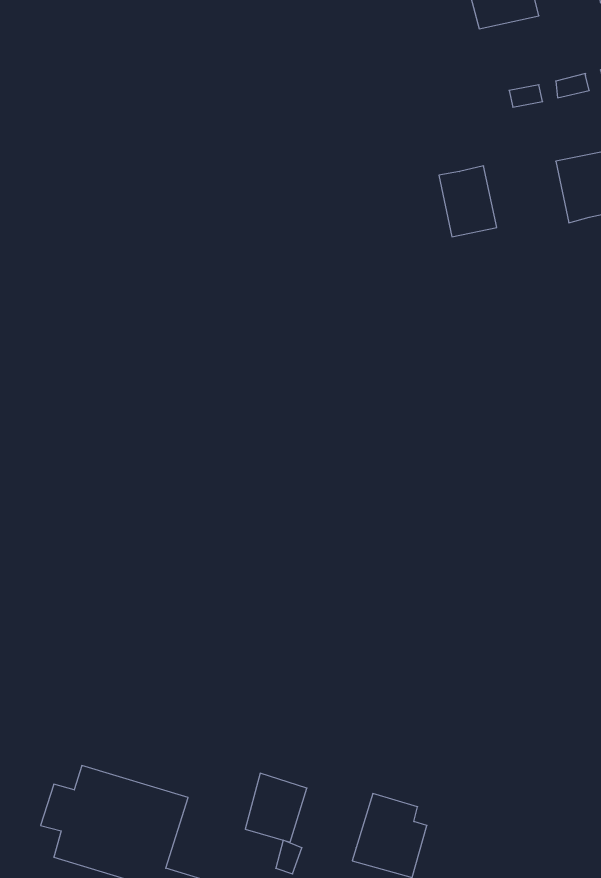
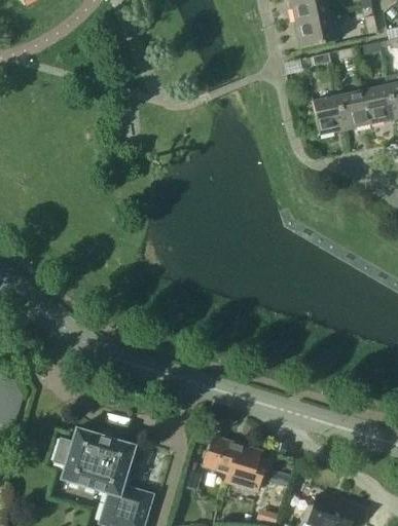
building: none -> [295,15,334,48]
building: [439,166,497,237] -> [313,96,345,135]
building: [245,773,307,842] -> [203,436,237,474]

